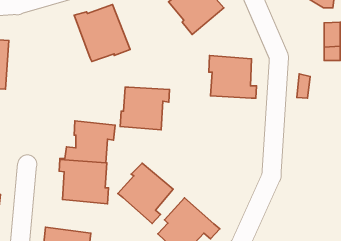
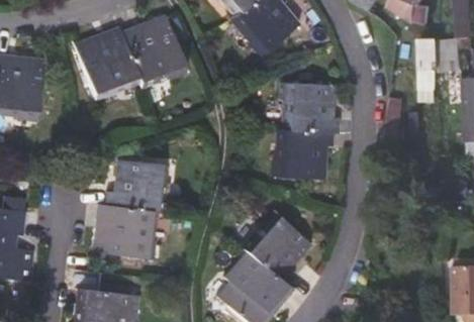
building: none -> [70,29,134,103]
building: [120,87,170,130] -> [270,129,329,181]
building: [118,163,173,224] -> [243,211,309,284]

